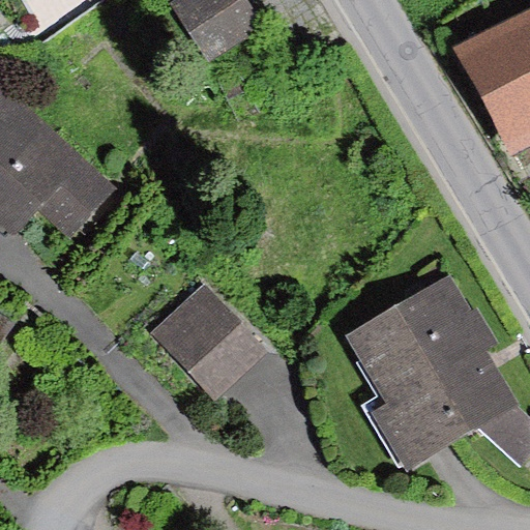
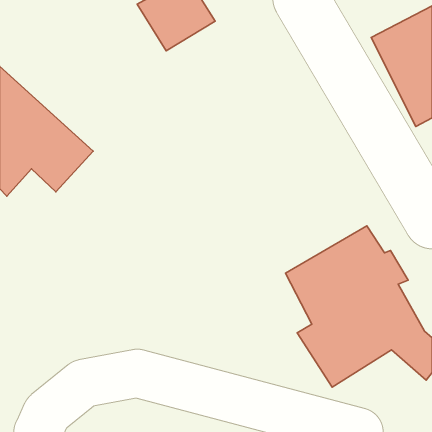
building: [154,287,266,399] -> none

